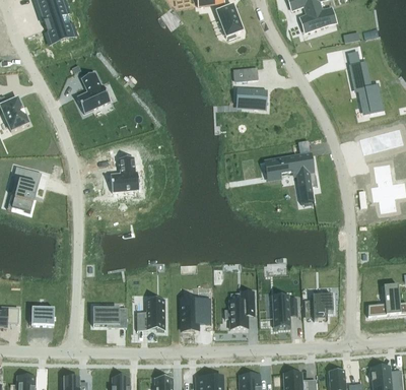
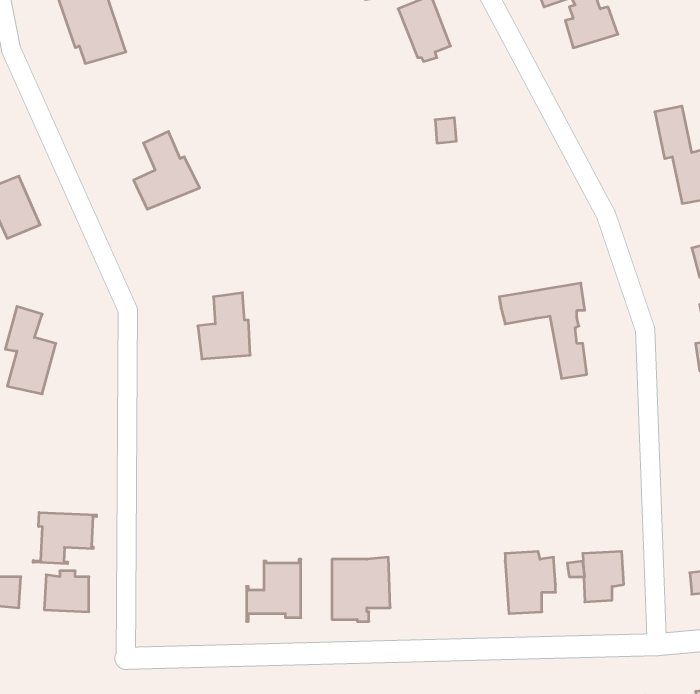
building: [235,88,267,108] -> none
building: none -> [33,512,97,564]
building: [224,290,254,328] -> none
building: [92,307,126,326] -> none

